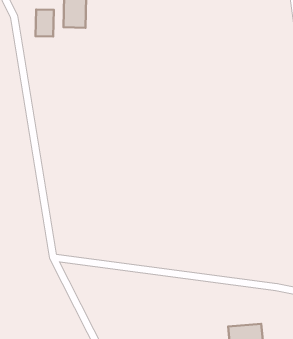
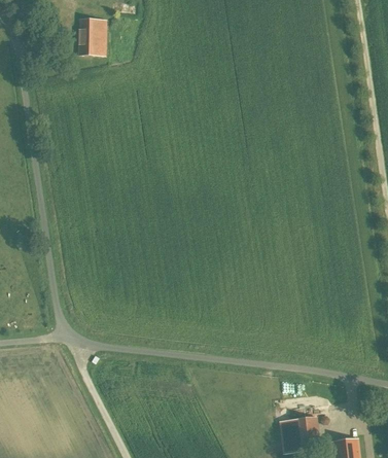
building: [36,10,54,37] -> none

